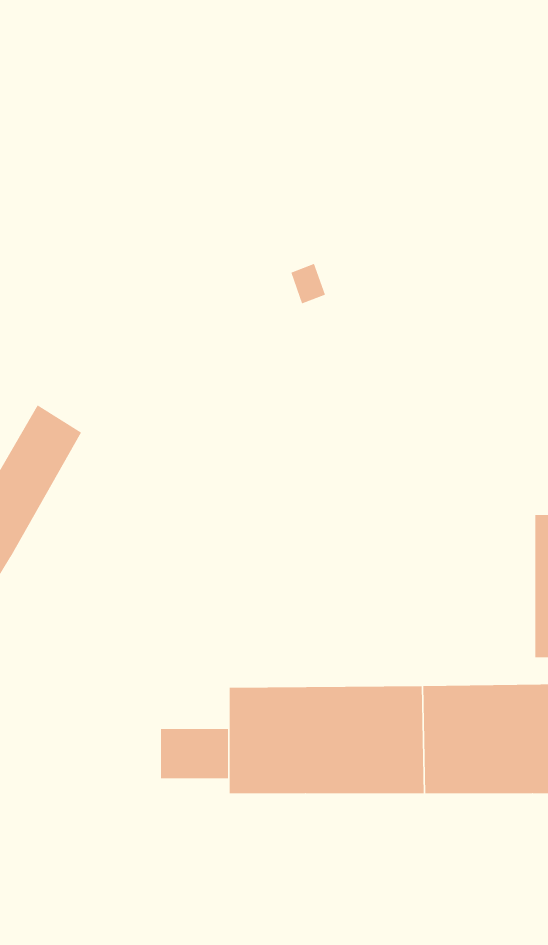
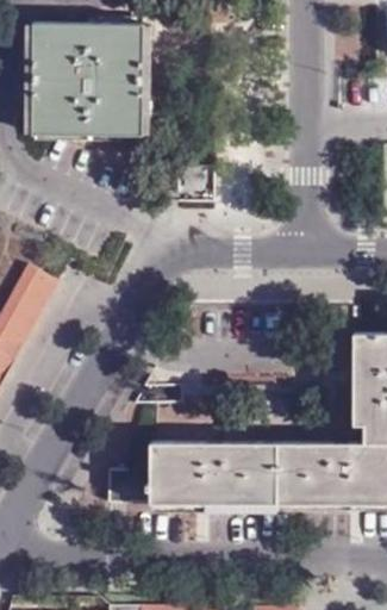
building: none -> [31,24,141,131]

